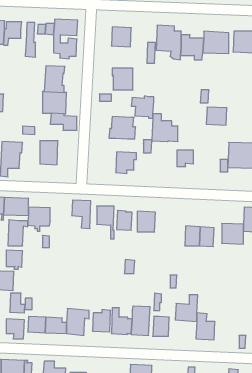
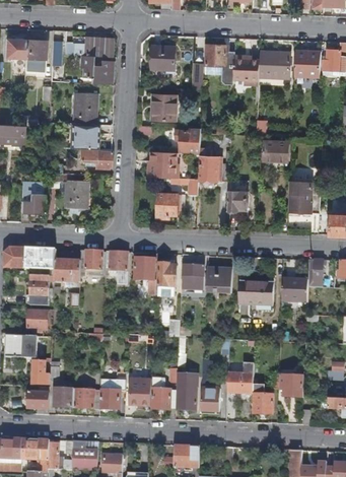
building: none -> [80,250,102,276]
building: none -> [206,267,232,292]
building: none -> [281,376,304,398]

